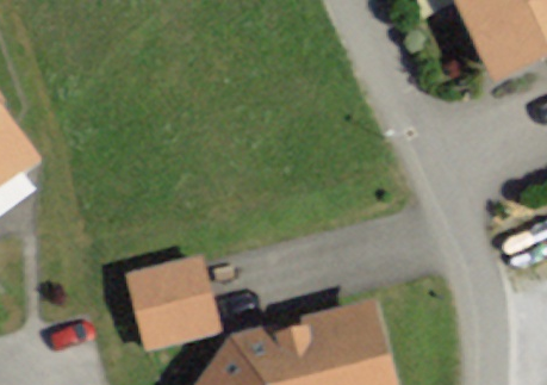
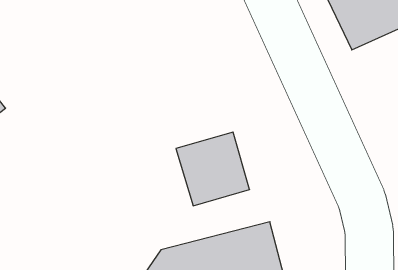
building: [125,256,222,353] -> [176,132,250,206]

